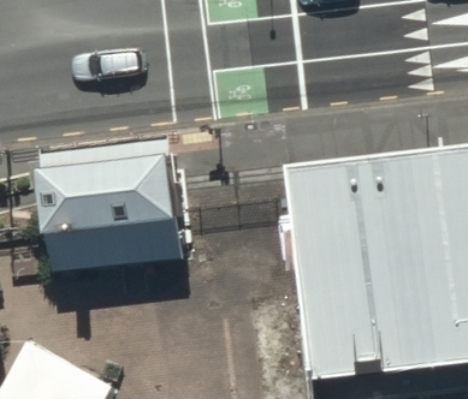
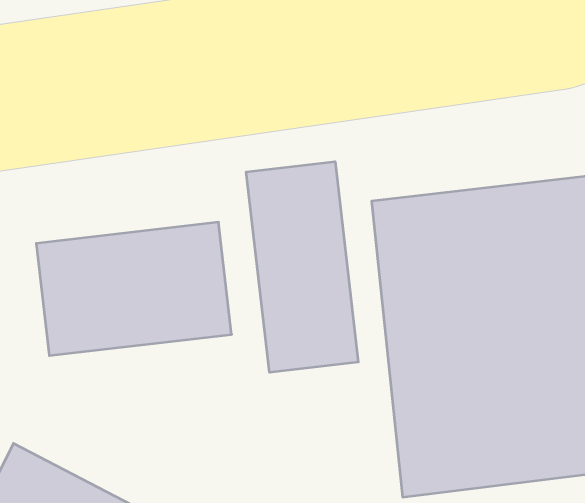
building: none -> [246,162,358,372]

